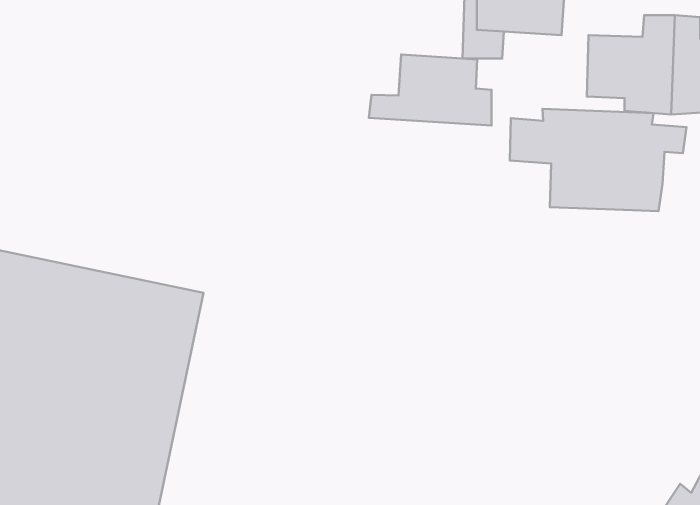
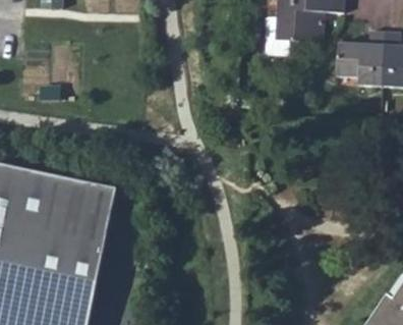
building: [369,54,492,126] -> none
building: [510,109,686,211] -> none

